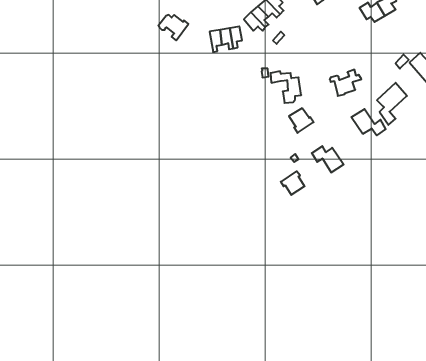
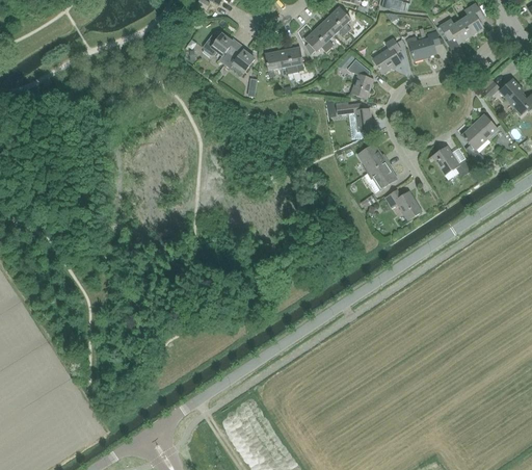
building: none -> [372,38,400,73]
building: none -> [224,45,255,73]
building: none -> [346,58,373,99]
building: [330,70,361,96] -> [404,29,442,60]
building: [281,171,305,195] -> [368,161,396,189]

